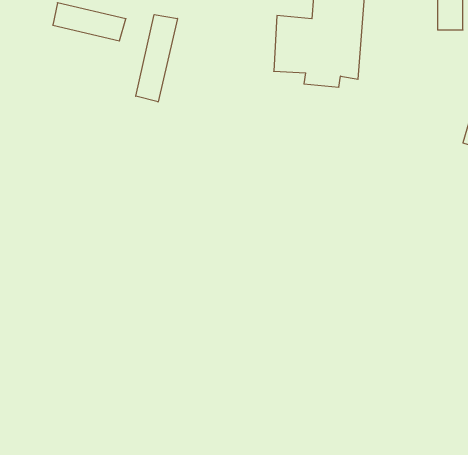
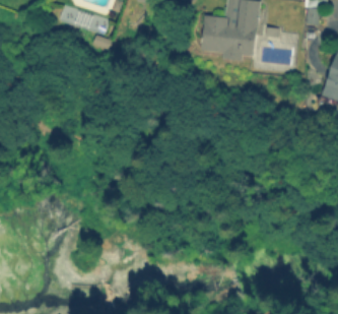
building: [136,15,177,102] -> none

